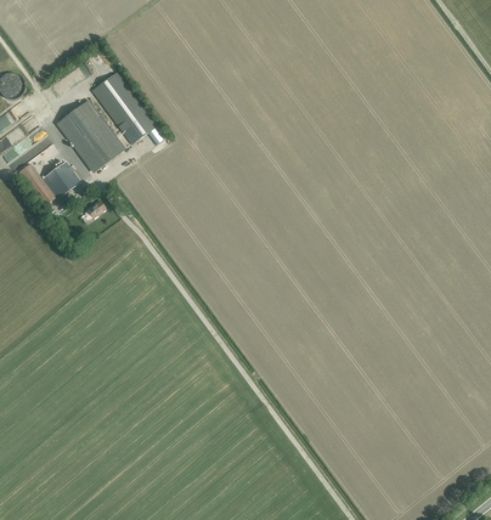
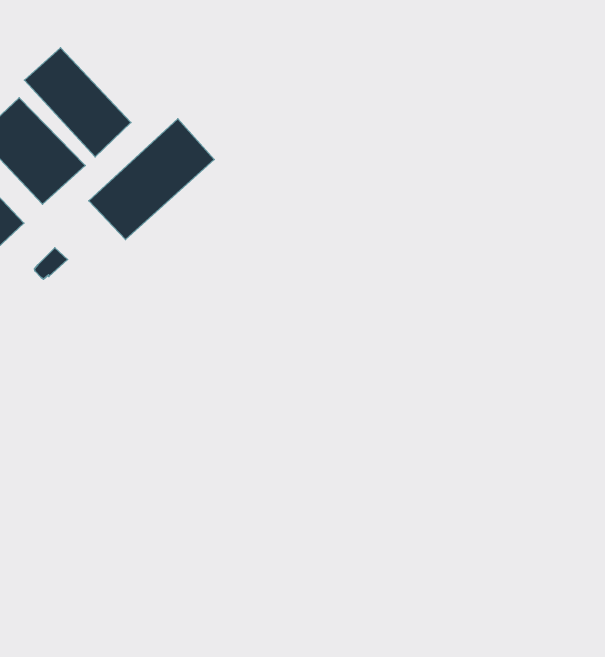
building: none -> [89,119,214,240]

